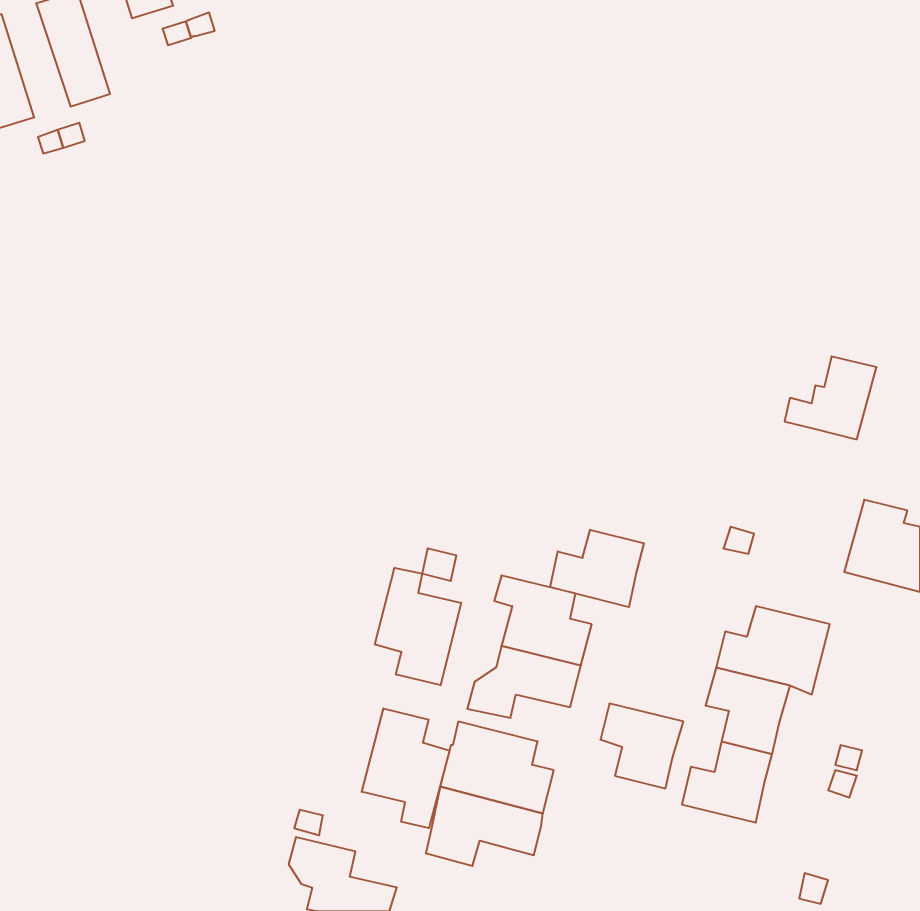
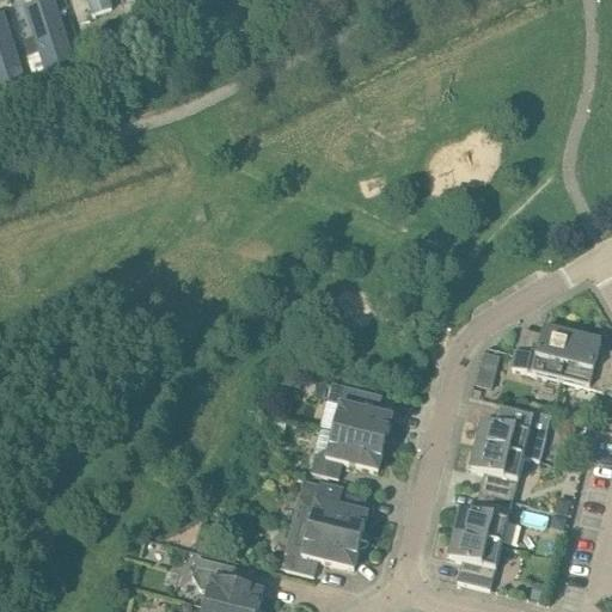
building: [785,356,877,439] -> [512,324,573,379]
building: [550,530,644,607] -> none
building: [375,568,461,685] -> none
building: [600,704,683,788] -> [446,533,501,589]
building: [362,708,450,828] -> none

